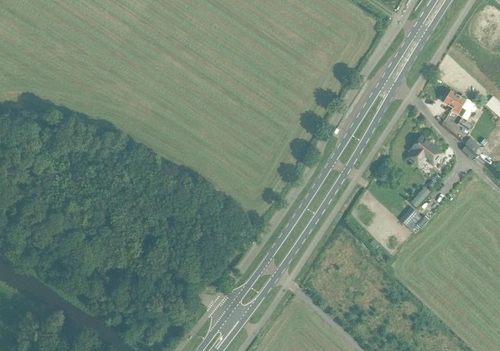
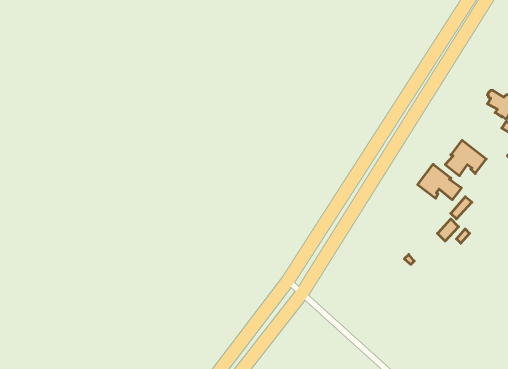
building: none -> [418,164,461,200]

